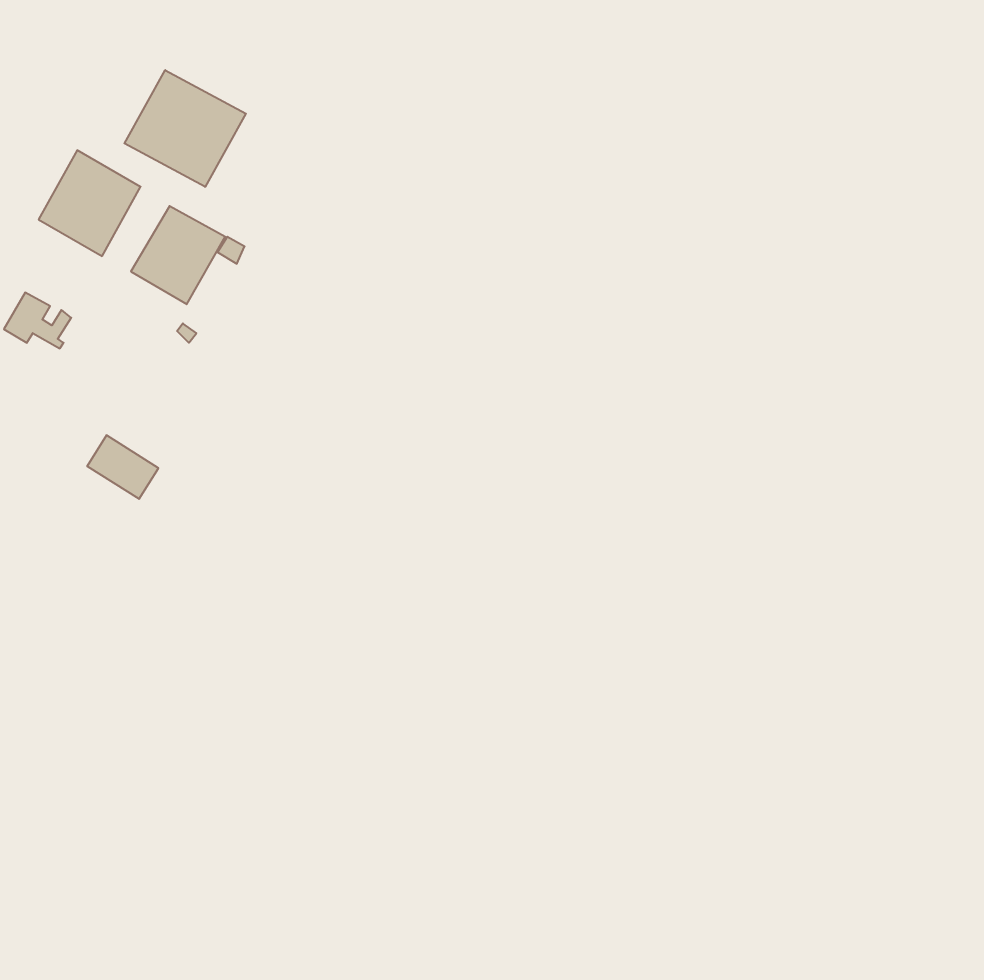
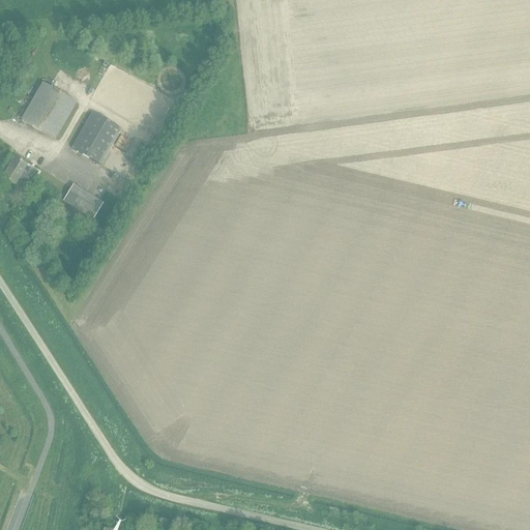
building: [124,70,246,187] -> none
building: [87,435,158,499] -> [63,183,101,217]

